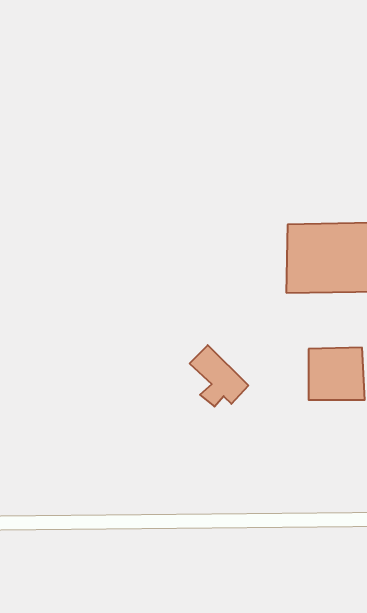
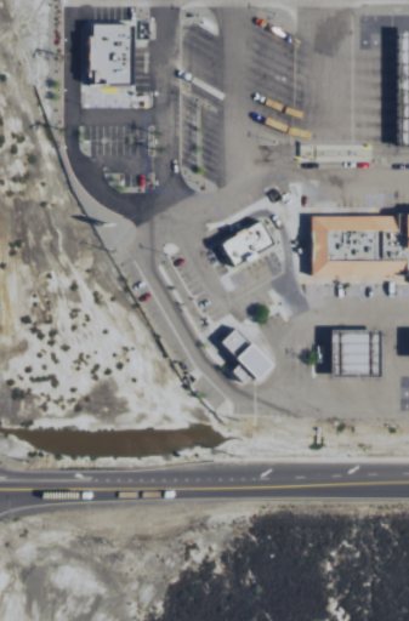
building: none -> [87,24,131,85]
building: none -> [216,217,273,268]

